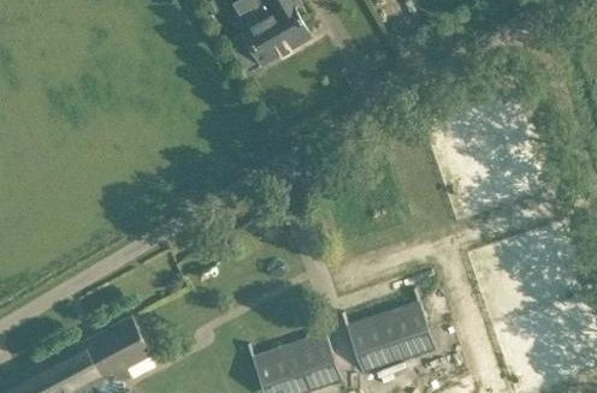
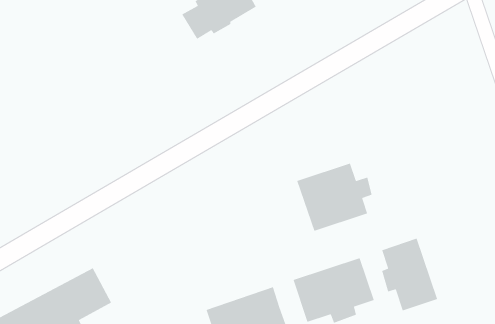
building: none -> [296,162,373,232]
building: none -> [381,238,438,312]

